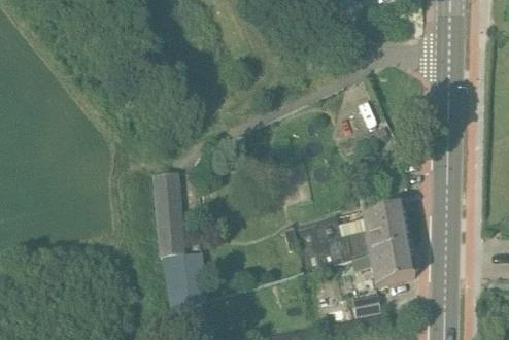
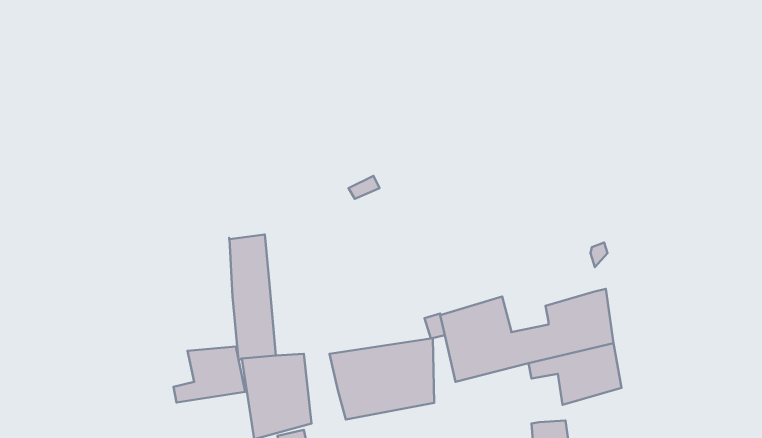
building: none -> [330,338,434,420]
building: none -> [174,346,245,403]

